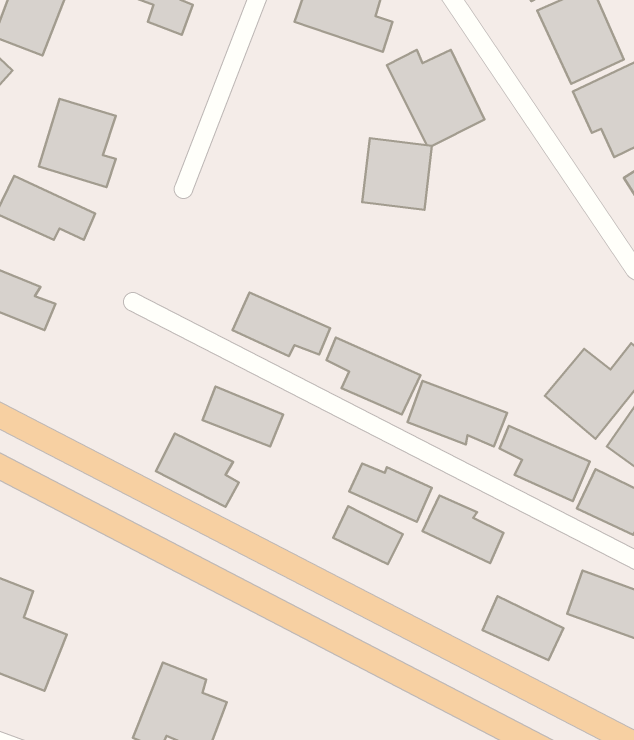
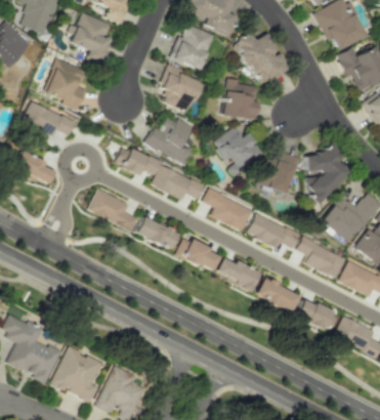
building: none -> [71,12,112,64]
building: none -> [172,23,215,70]
building: none -> [160,64,199,111]
building: none -> [144,114,196,163]
building: none -> [215,126,261,169]
building: none -> [305,143,350,203]
building: none -> [121,148,158,174]
building: none -> [258,153,297,193]
building: [156,434,239,507] -> [87,188,132,228]
building: [333,506,403,564] -> [182,239,220,270]
building: [483,596,563,660] -> [294,297,338,332]
building: none -> [50,346,101,402]

